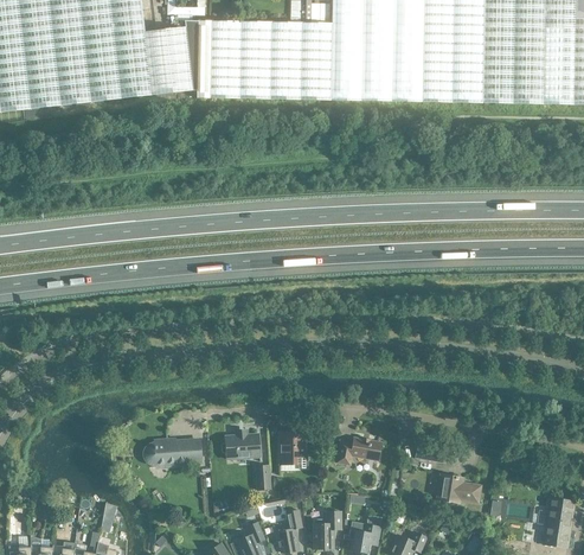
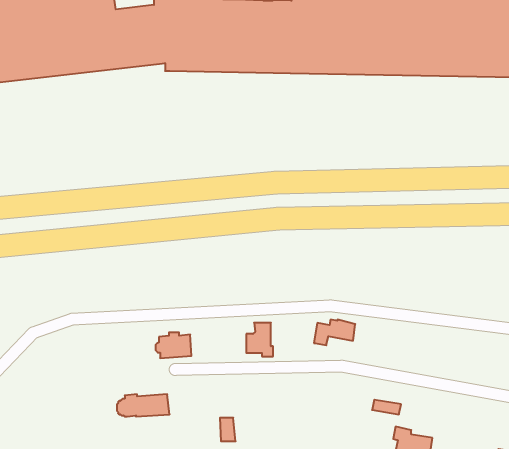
building: [222,432,259,459] -> [156,332,191,358]
building: [280,432,308,467] -> [246,323,273,356]
building: [336,438,380,465] -> [314,320,355,345]

